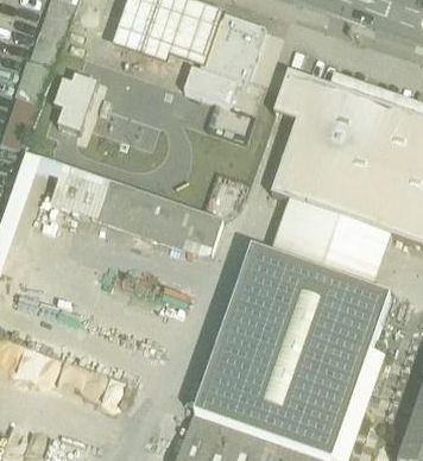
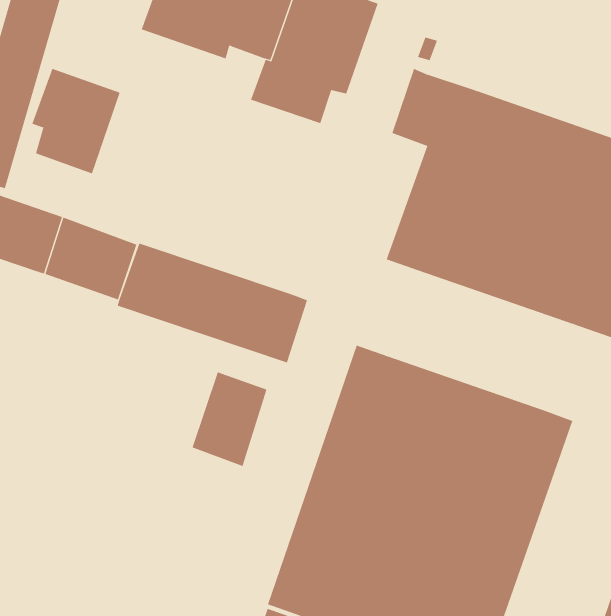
building: [271,197,390,286] -> none
building: none -> [192,372,267,467]

